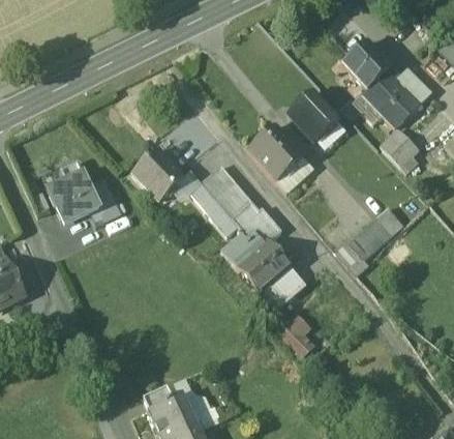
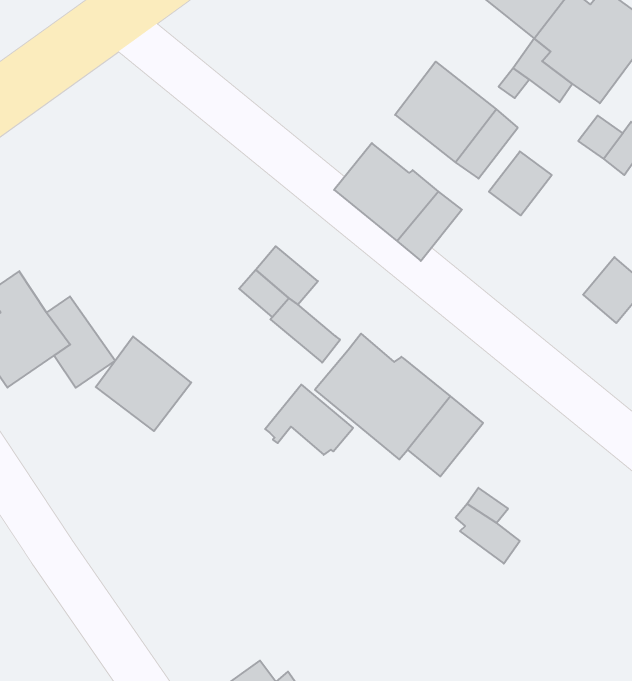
building: none -> [489,151,552,215]
building: [133,149,183,200] -> [96,336,191,431]
building: [237,204,282,242] -> [265,385,353,455]
building: [347,225,383,261] -> none

